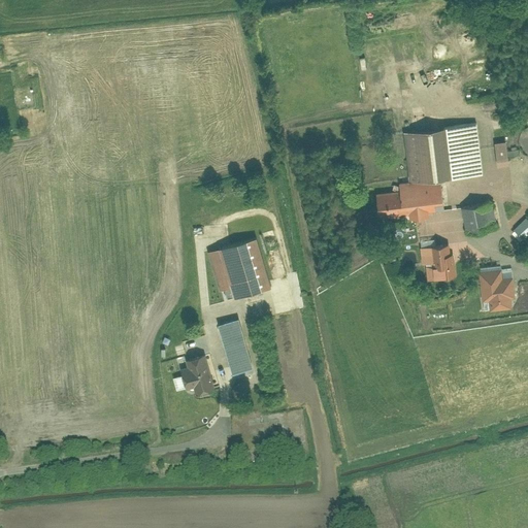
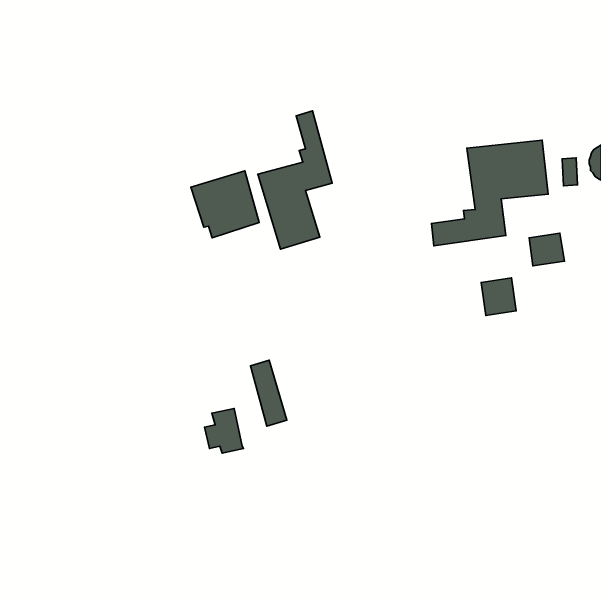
building: none -> [258,111,332,249]
building: [208,240,268,299] -> [191,171,259,238]
building: [477,268,516,312] -> none

